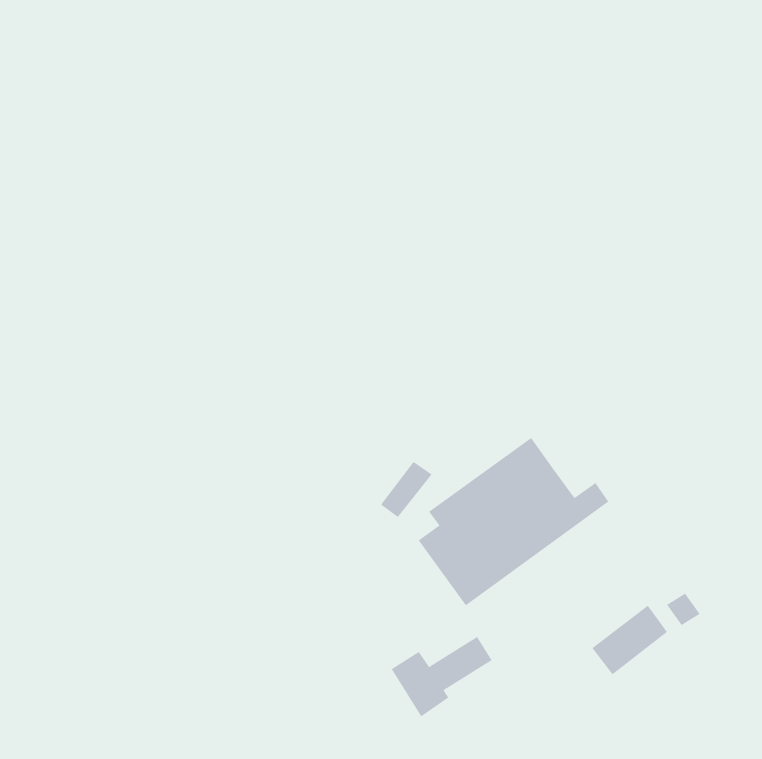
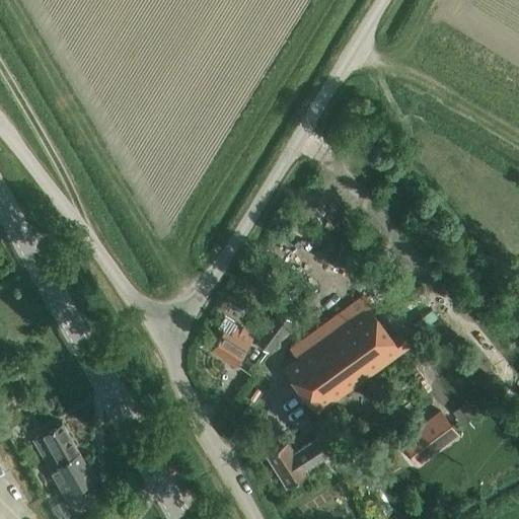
building: none -> [212,319,254,368]
building: none -> [34,426,103,513]

